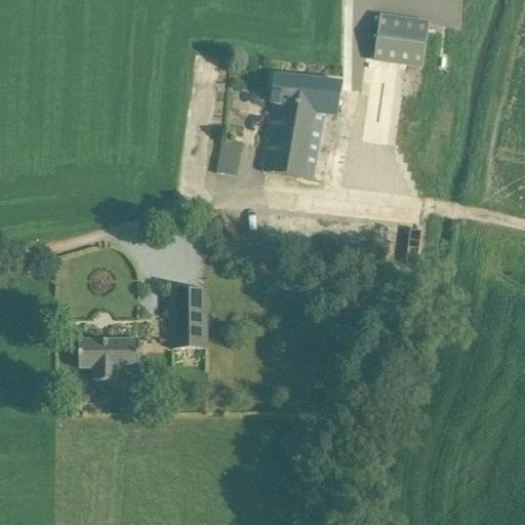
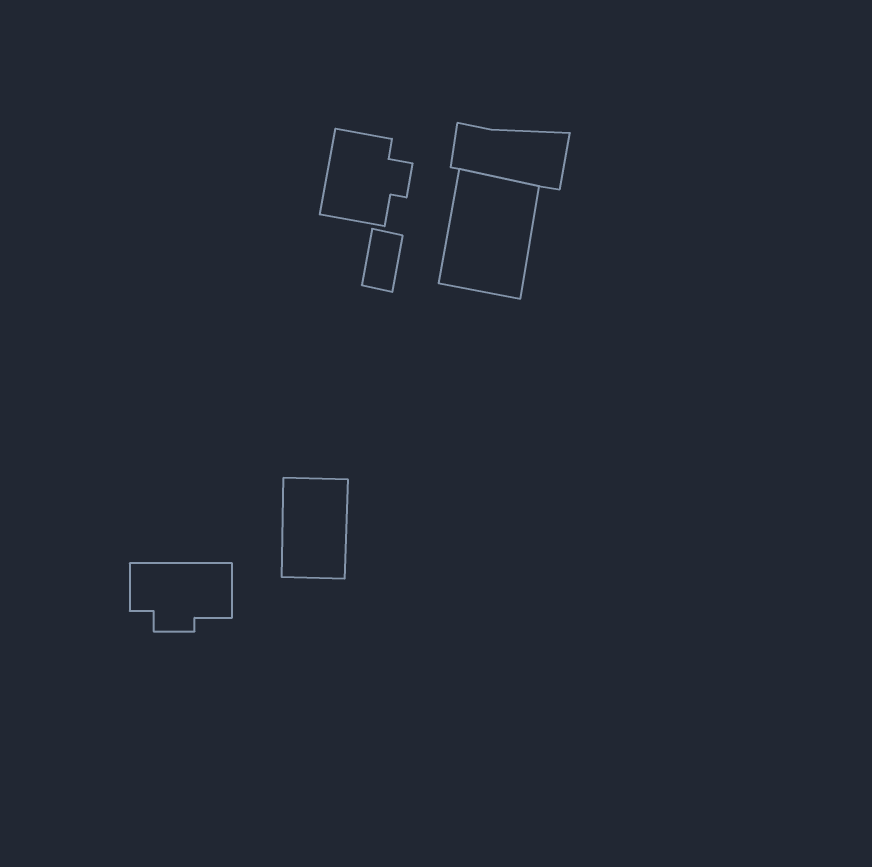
building: [374,14,430,66] -> none
building: none -> [320,129,413,226]

